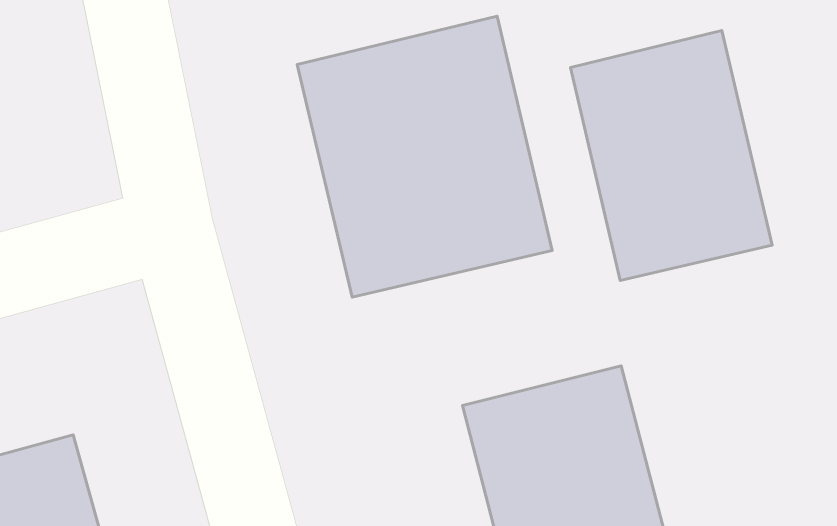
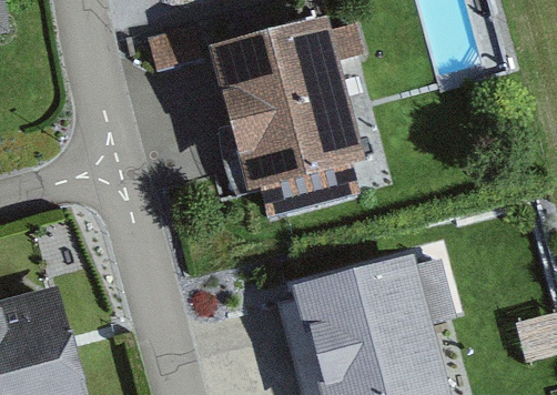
building: [571,30,772,280] -> none

